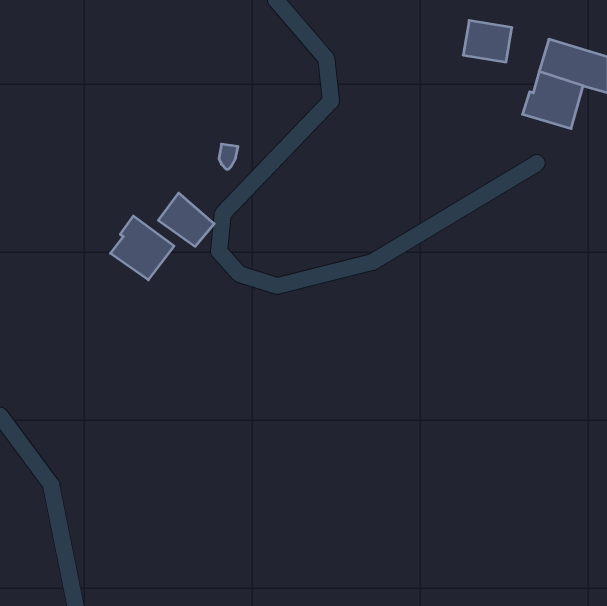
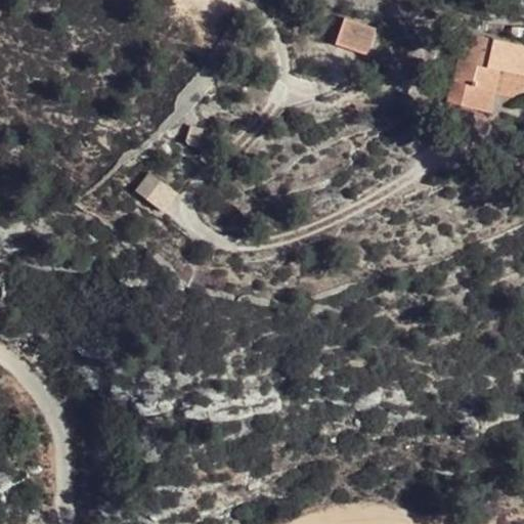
building: [463,20,512,62] -> [334,19,376,55]
building: [110,216,174,280] -> none

